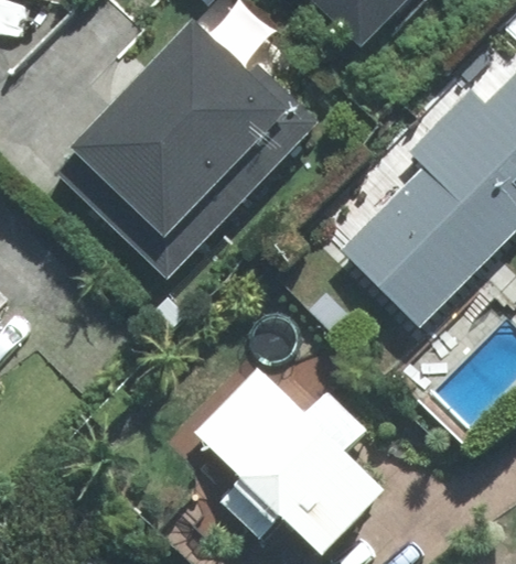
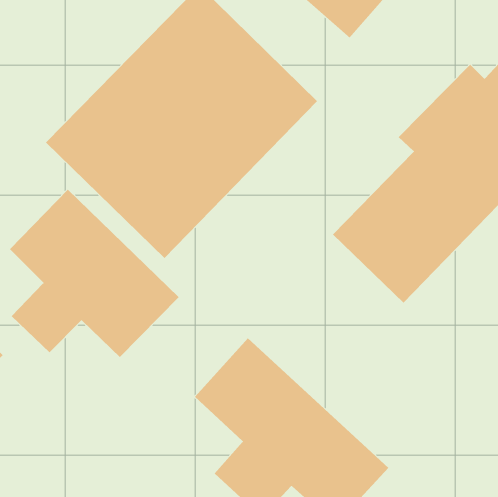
building: none -> [9,189,180,358]

